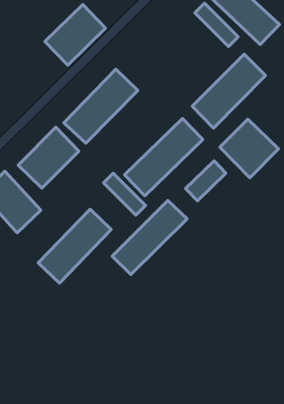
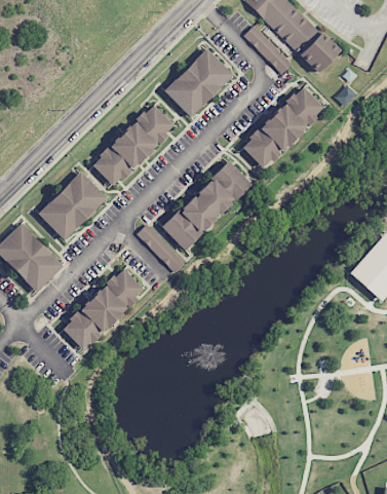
building: [45,4,106,65] -> [163,47,234,118]
building: [220,119,278,178] -> none
building: [185,161,226,201] -> none
building: [112,201,187,275] -> none

